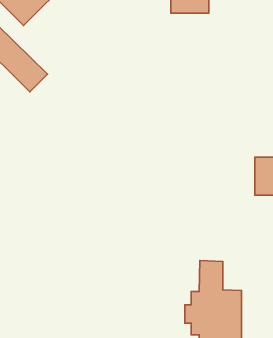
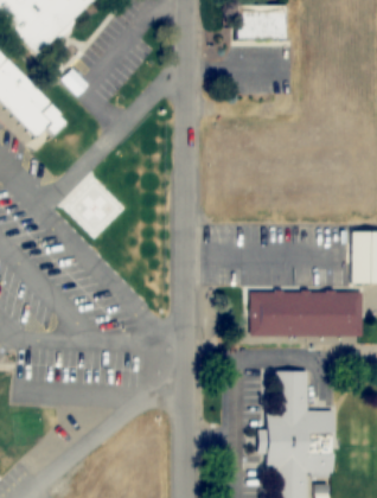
building: none -> [248,290,360,336]

